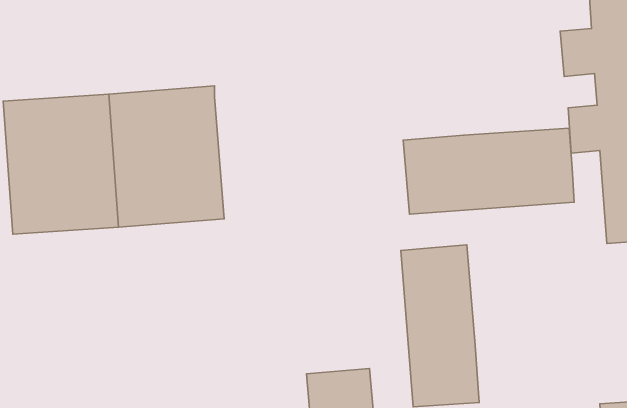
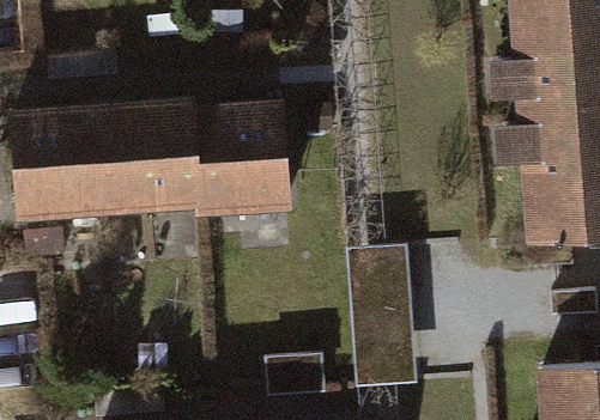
building: none -> [188,104,289,227]
building: [403,128,574,214] -> none

